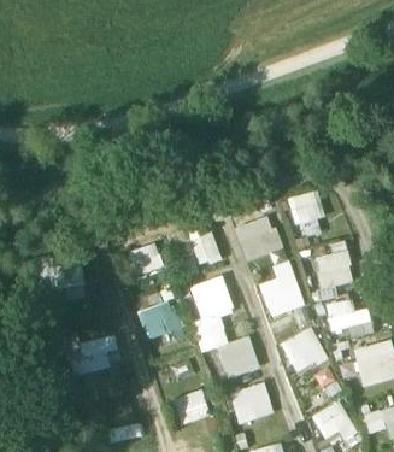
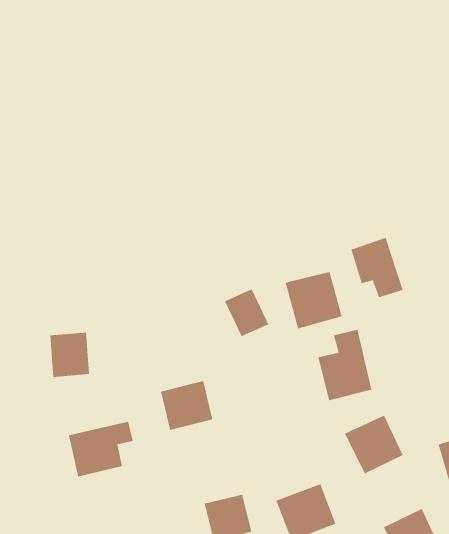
building: [312,241,353,300] -> none
building: [189,276,259,378] -> none
building: [325,300,355,330] -> none

